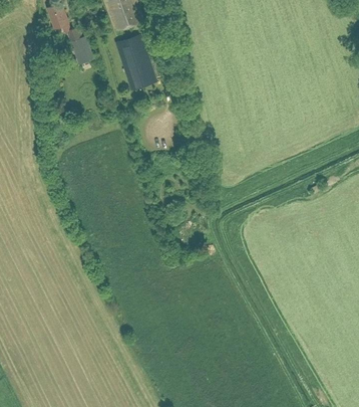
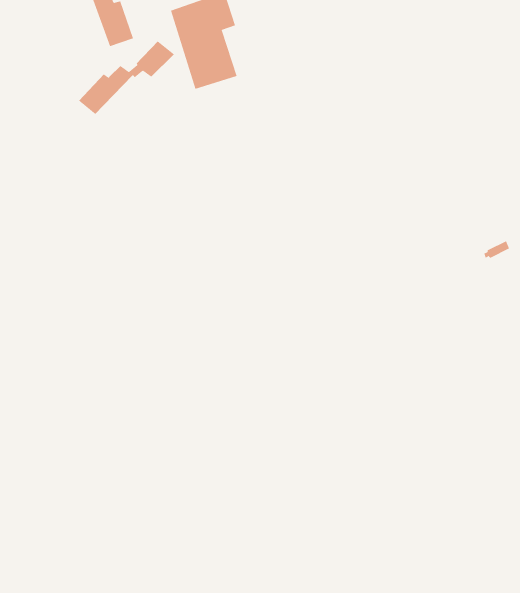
building: none -> [78,40,175,115]

